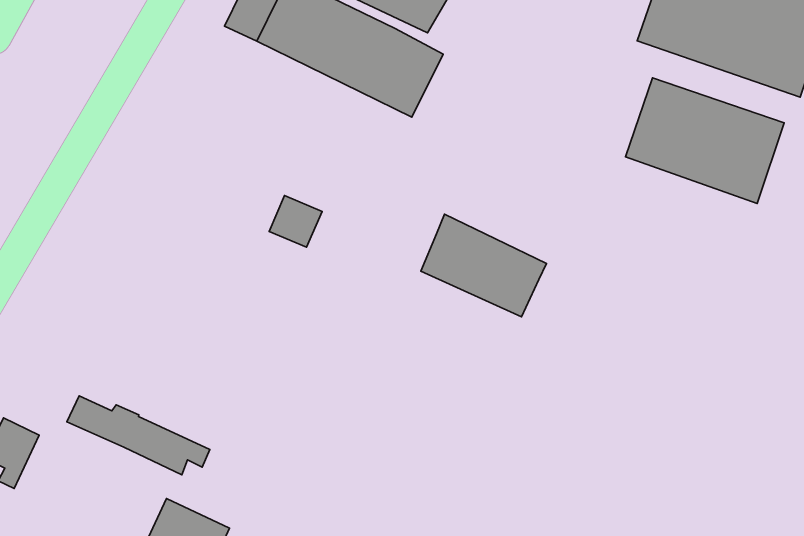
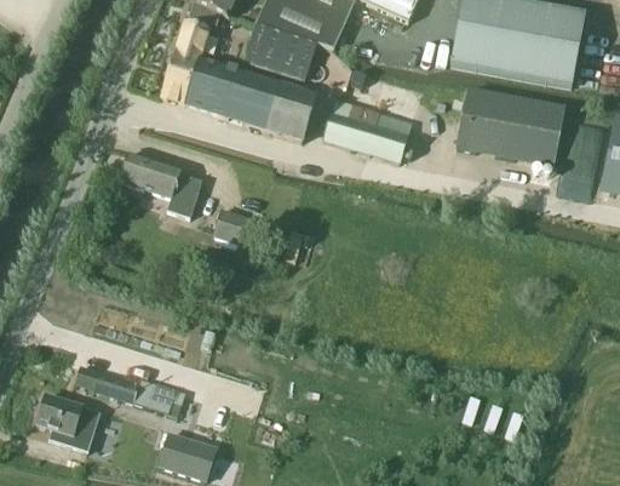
building: none -> [120,154,201,216]
building: [421,214,546,317] -> [325,97,412,161]
building: none -> [61,401,101,451]

